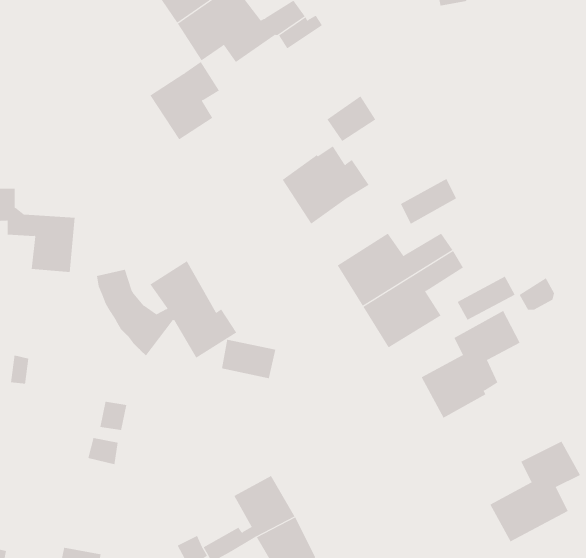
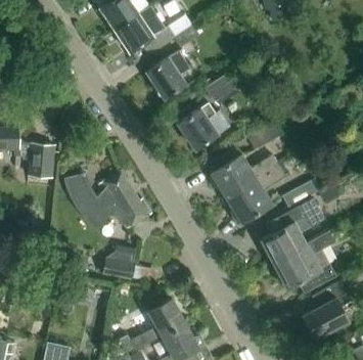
building: [149,61,220,140] -> [147,52,189,99]
building: [221,339,276,379] -> [103,257,136,280]
building: none -> [274,232,334,291]

